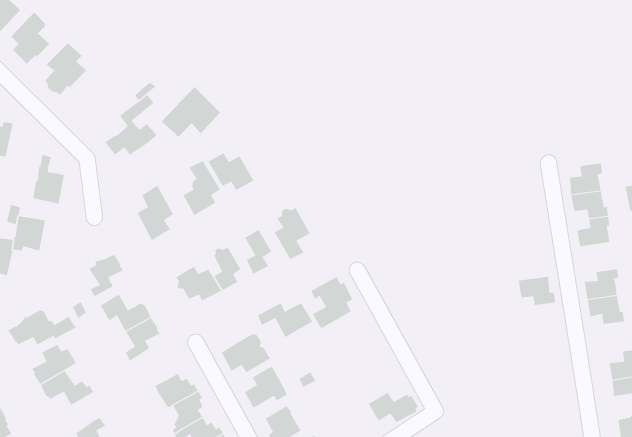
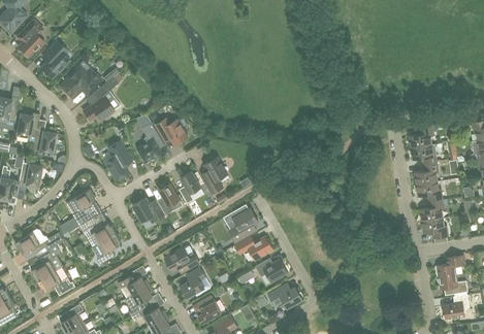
building: [161,86,221,138] -> [59,61,101,97]
building: none -> [15,112,39,142]
building: [518,276,556,305] -> [416,180,443,201]
building: [257,302,313,338] -> [234,235,273,260]
building: none -> [255,259,287,281]

